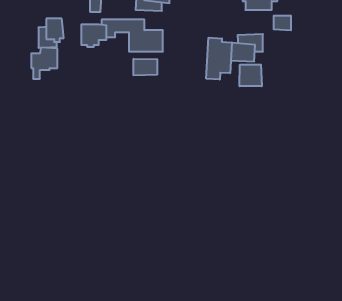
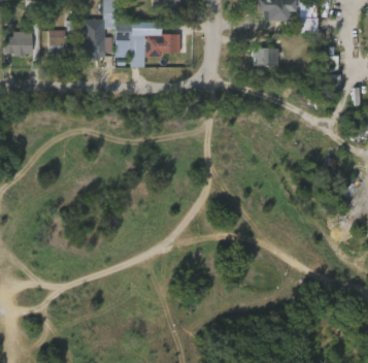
building: [206,38,232,80] -> none
building: [31,48,57,79] -> [7,29,35,62]
building: [134,59,157,75] -> none
building: [240,65,262,86] -> none

